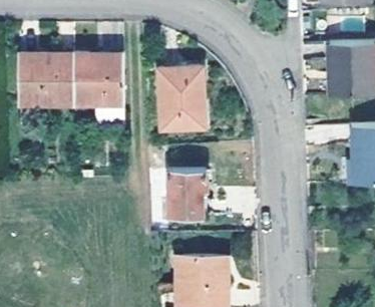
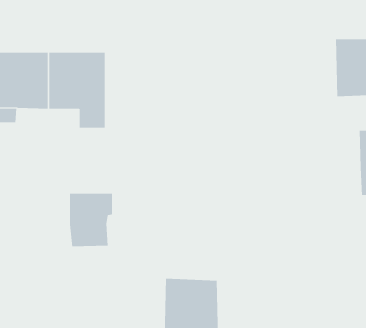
building: [161,68,204,131] -> none
building: [166,170,206,218] -> [69,193,113,247]

